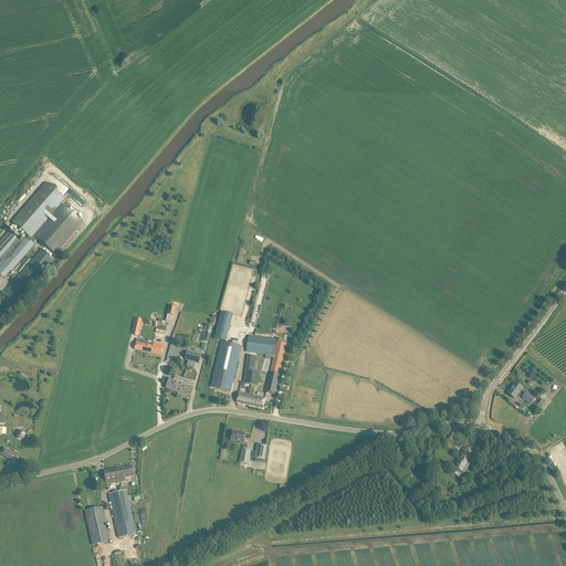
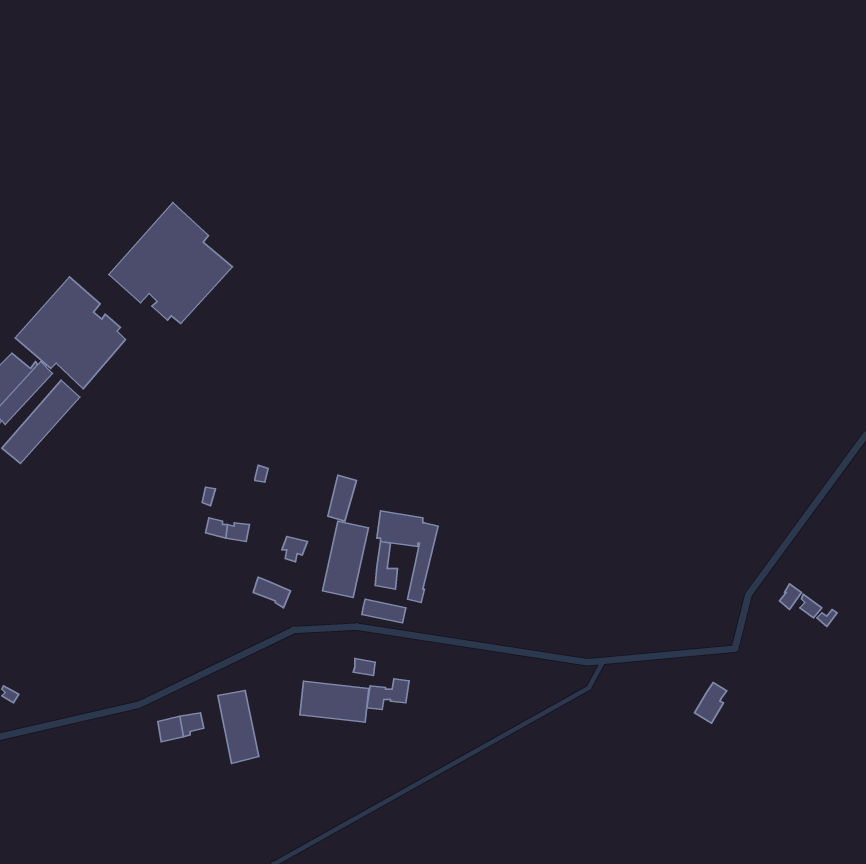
building: none -> [109,203,233,323]
building: none -> [300,681,369,722]
building: [107,489,134,536] -> [218,690,259,763]
building: [83,504,109,543] -> none

